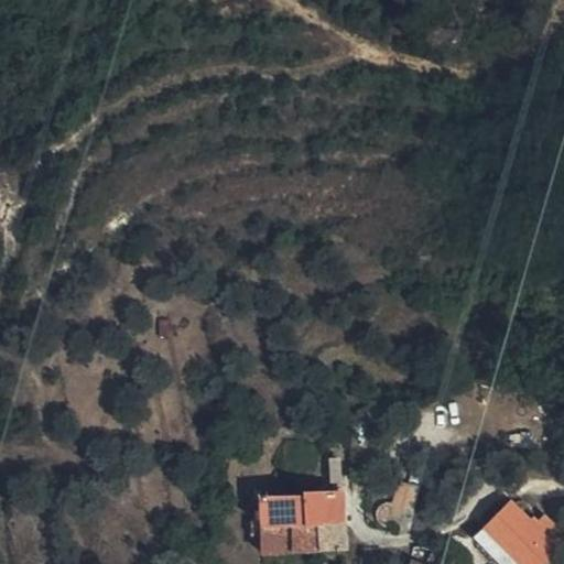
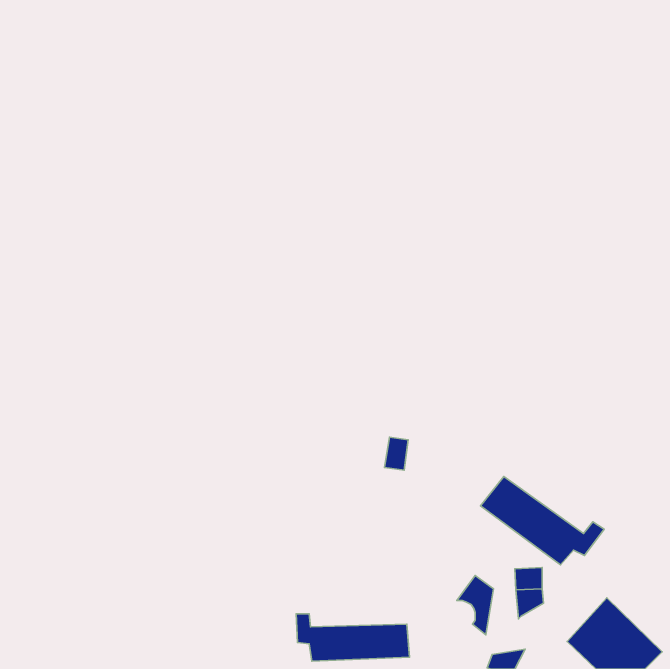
building: none -> [481,476,604,565]
building: [261,492,343,524] -> none

